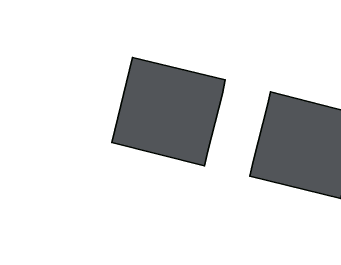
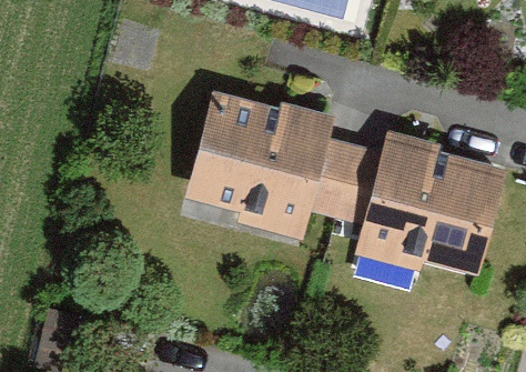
building: none -> [305,138,383,225]

